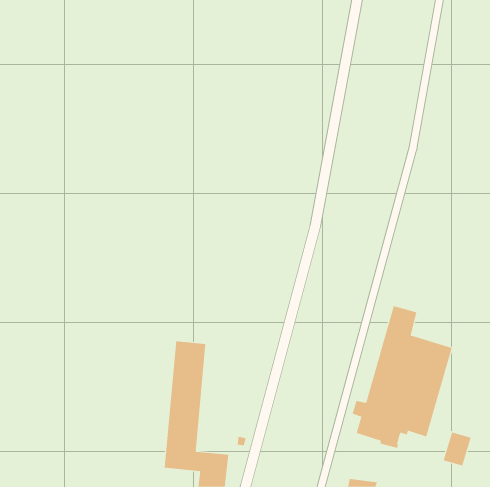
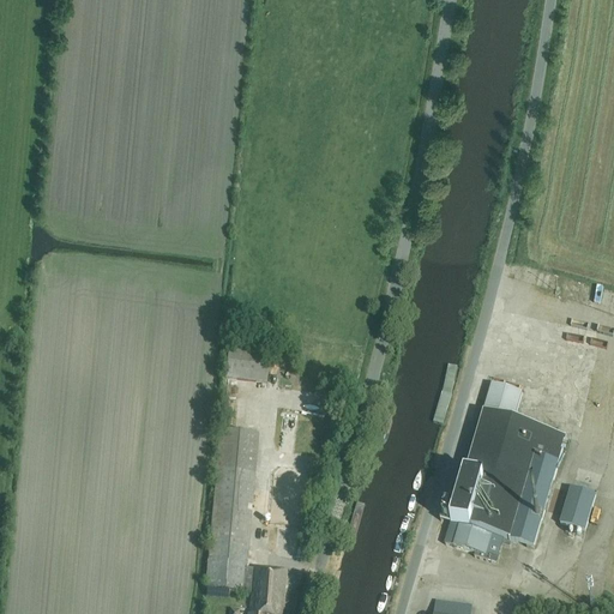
building: none -> [225,338,271,379]
building: [443,432,472,466] -> [560,486,596,529]

